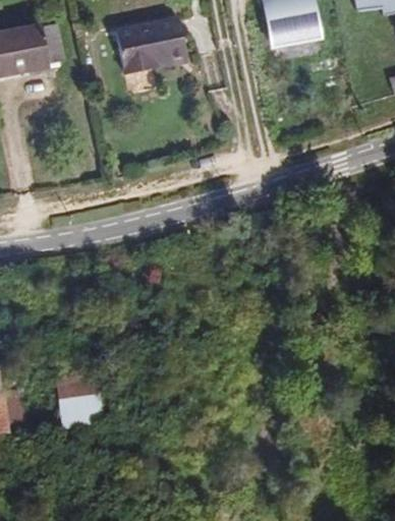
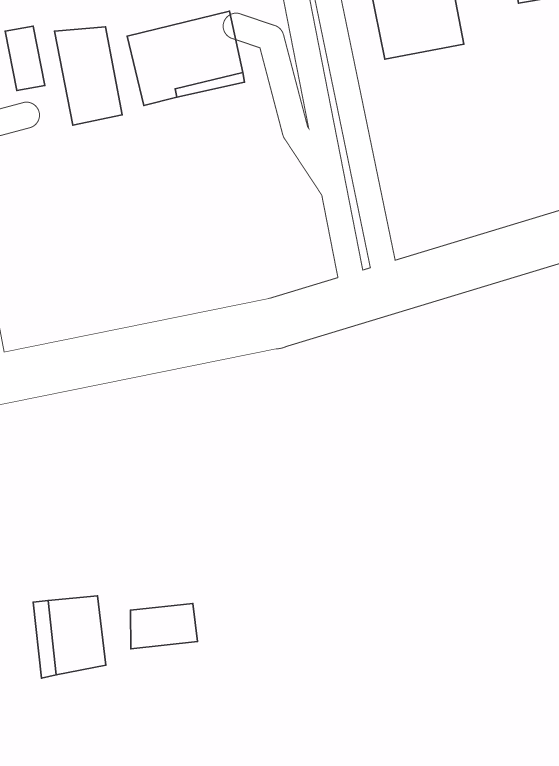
building: none -> [54,27,122,125]
building: none -> [130,604,197,649]

